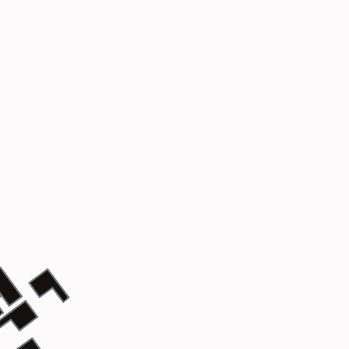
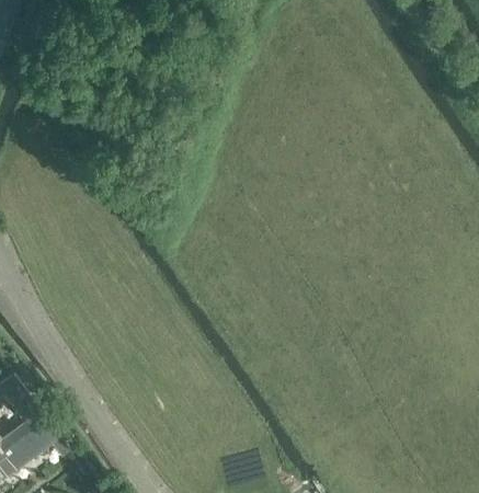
building: [29,269,69,302] -> none

